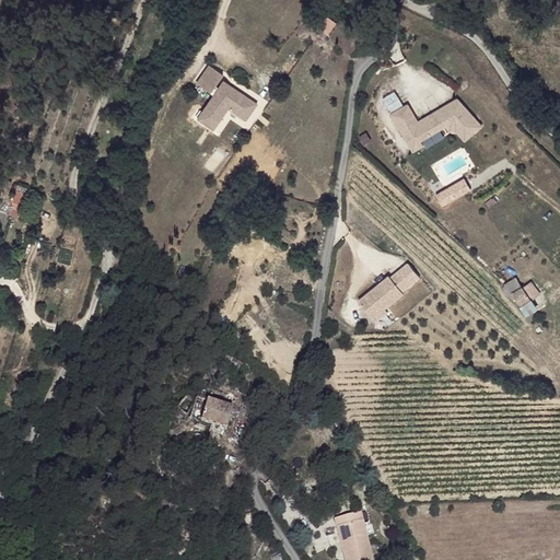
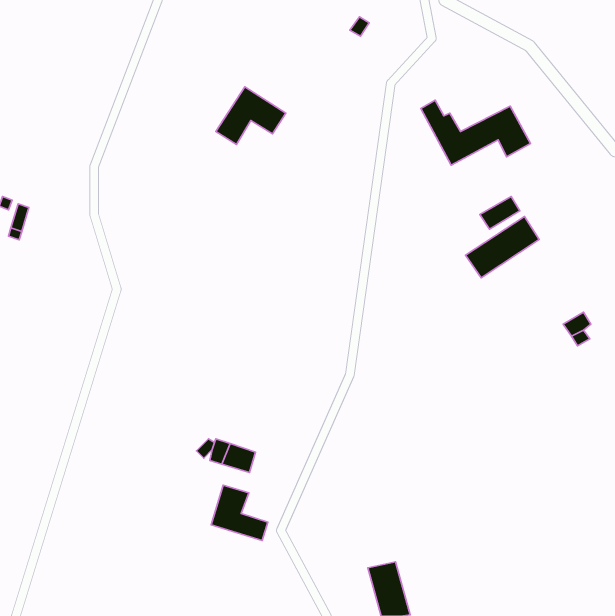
building: [194,62,224,93] -> none
building: [357,262,423,318] -> [465,216,539,278]
building: none -> [211,485,268,540]

